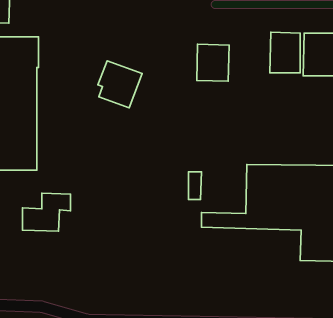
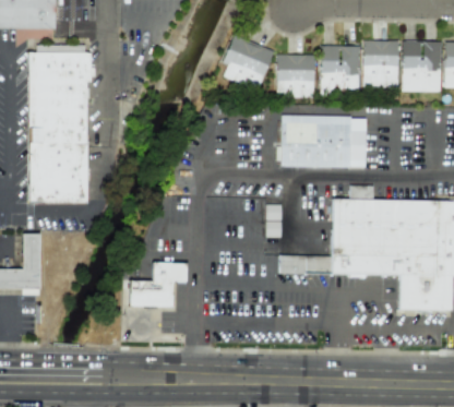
building: none -> [320,46,360,94]
building: [98,61,142,108] -> [222,35,274,91]
building: none -> [280,116,367,168]
building: [23,193,71,231] -> [130,263,187,308]

